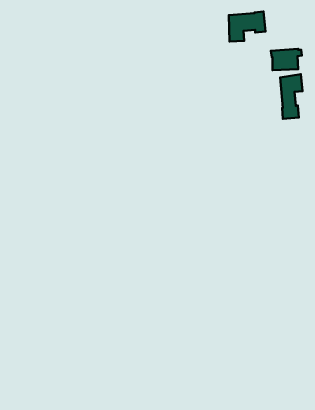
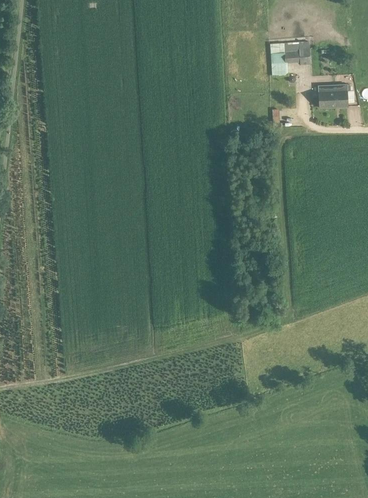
building: [280,74,302,119] -> none

